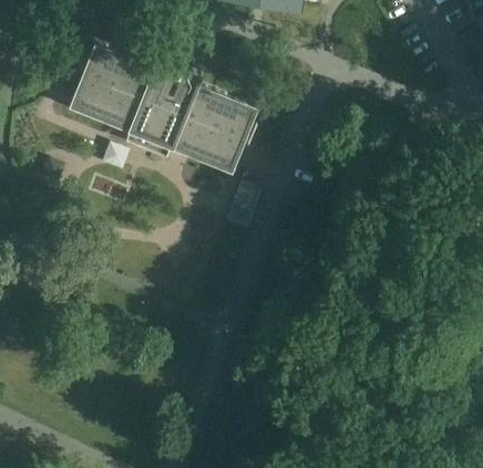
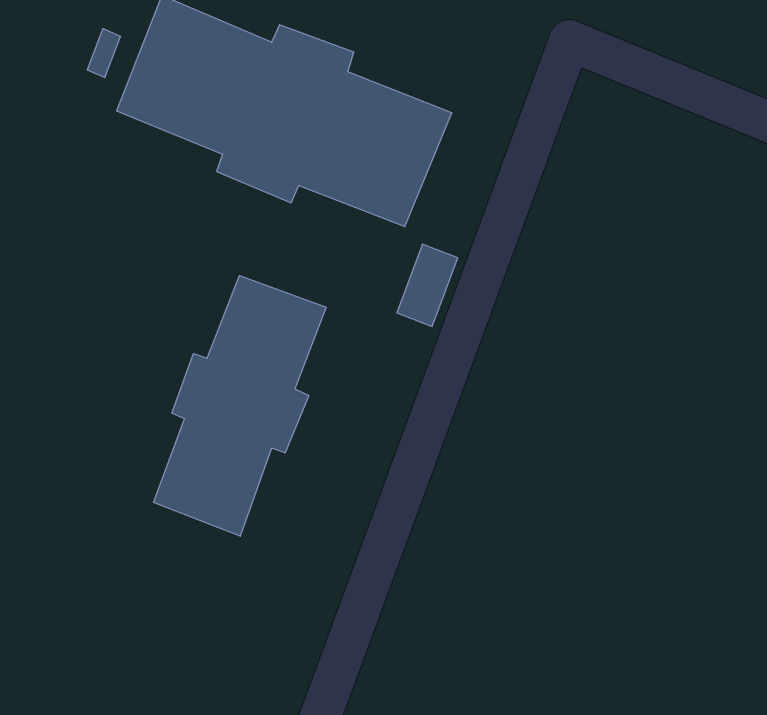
building: none -> [153,276,326,536]

